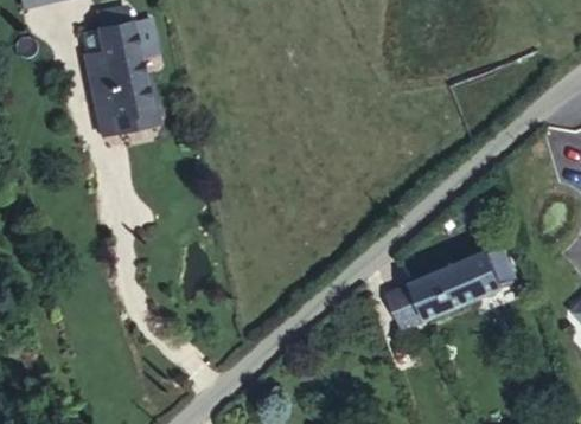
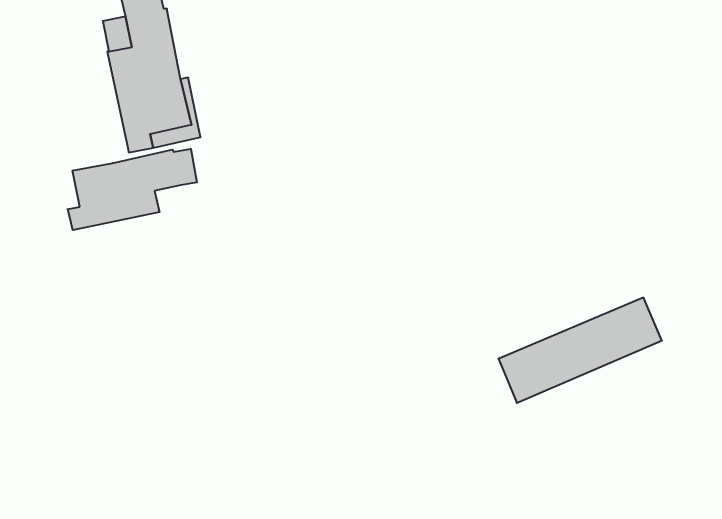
building: none -> [68,149,197,230]

